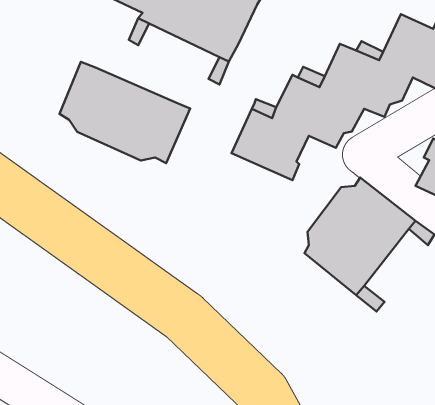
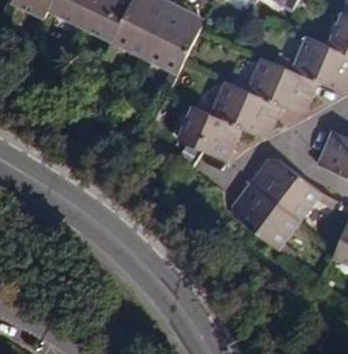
building: [60,62,190,163] -> none

